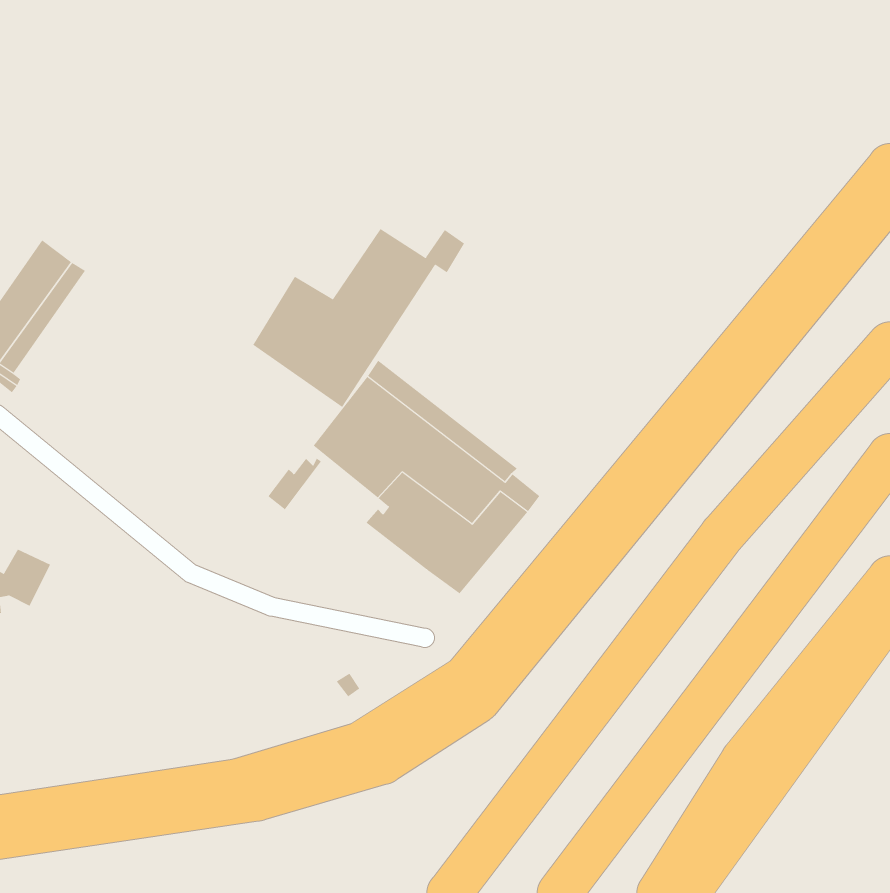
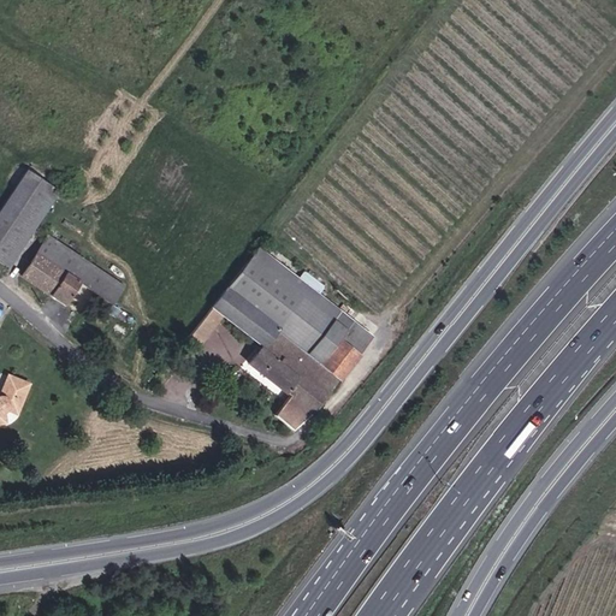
building: [252,228,465,408] -> none
building: none -> [24,237,125,304]
building: none -> [276,392,316,427]

